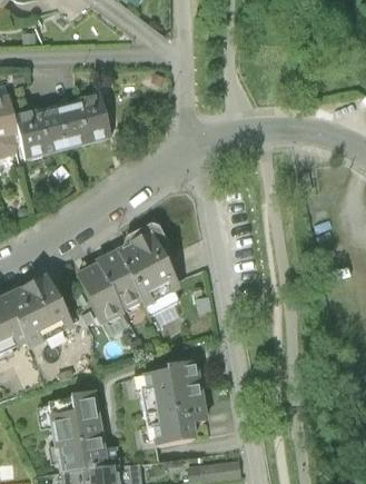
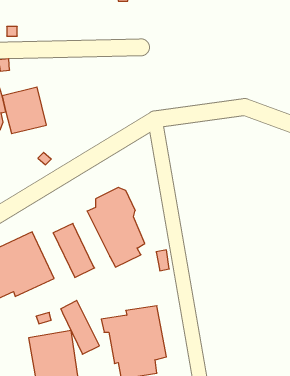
building: [56,92,112,148] -> none
building: [96,249,141,313] -> [61,300,99,354]

